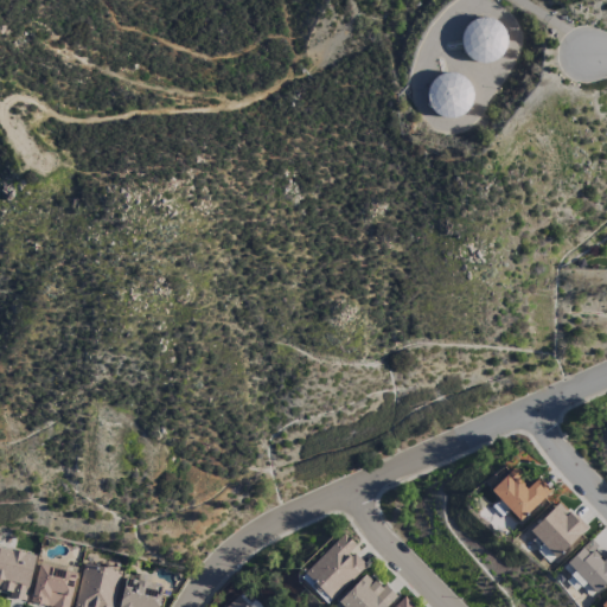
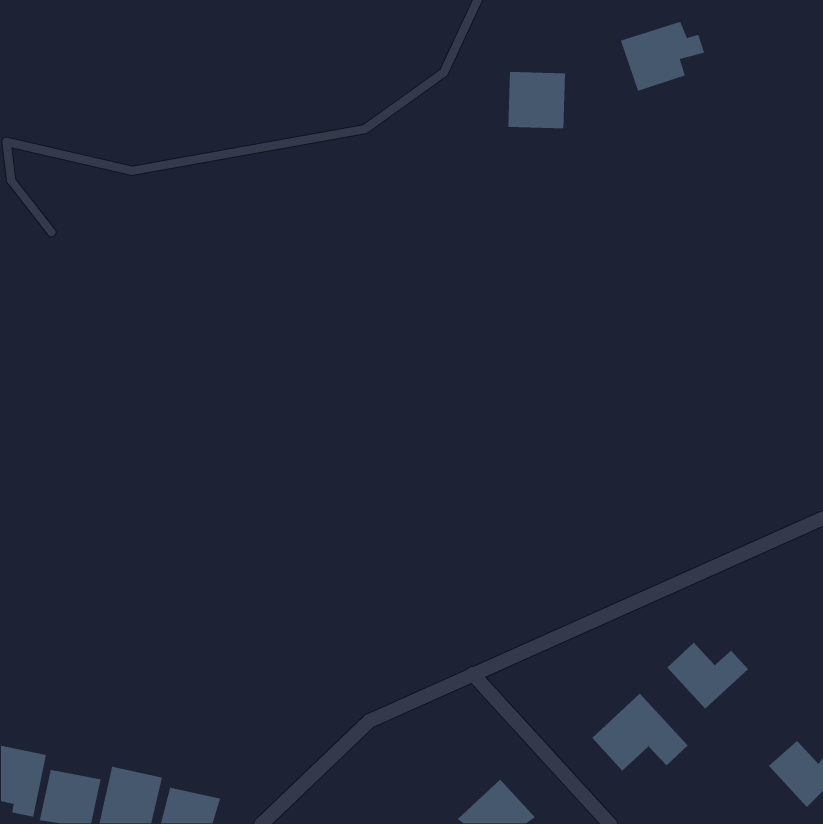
building: [428,74,471,116] -> [508,71,566,129]
building: [529,501,586,558] -> none
building: none -> [591,693,689,771]
building: [304,533,365,601] -> none

